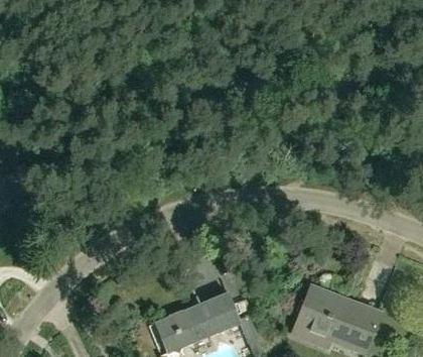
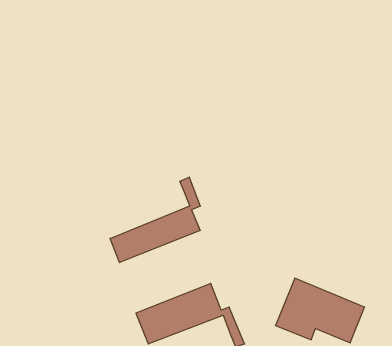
building: none -> [110,177,200,263]

